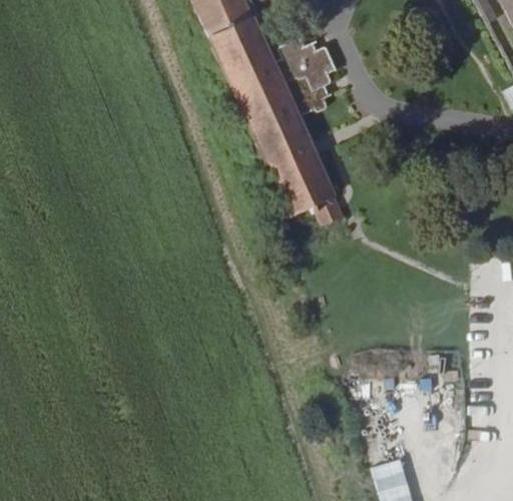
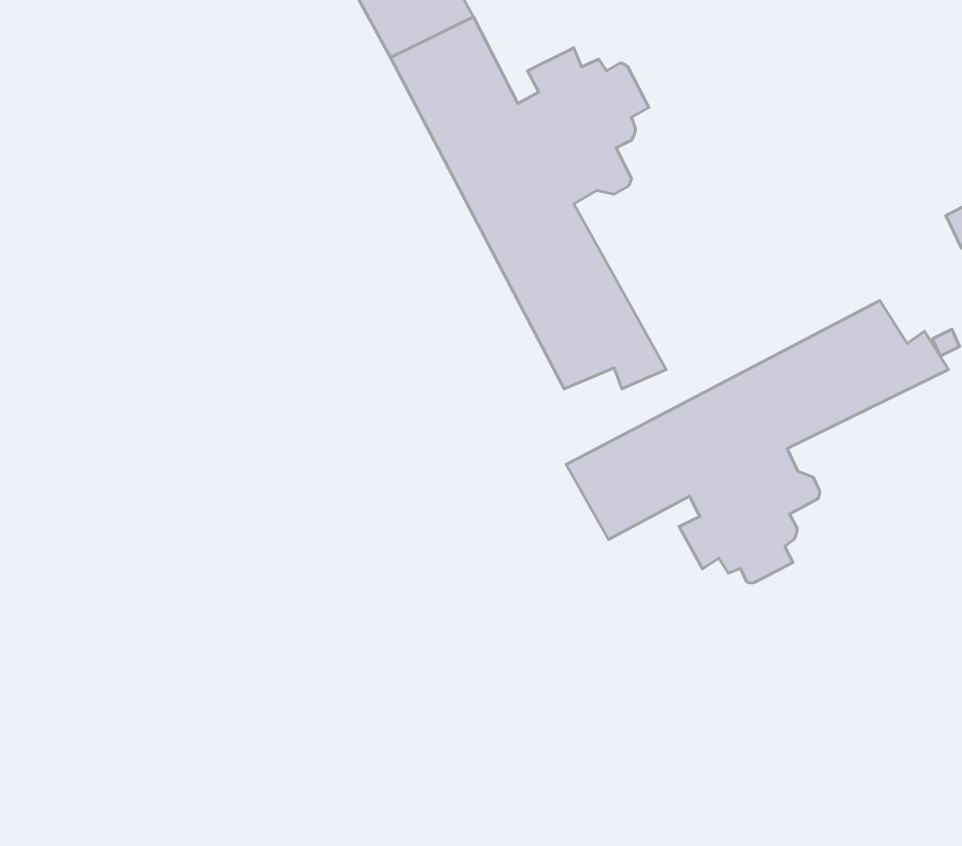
building: none -> [566,300,948,583]

